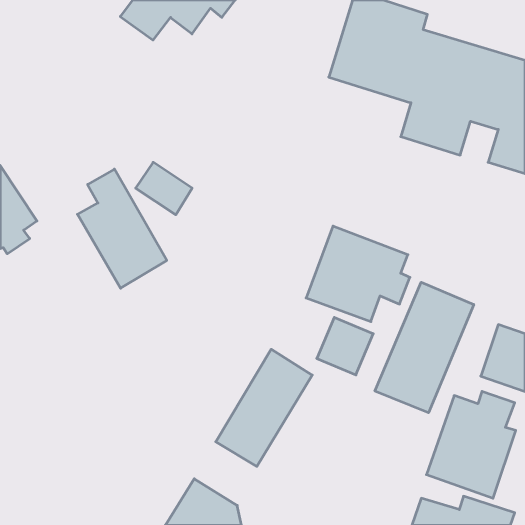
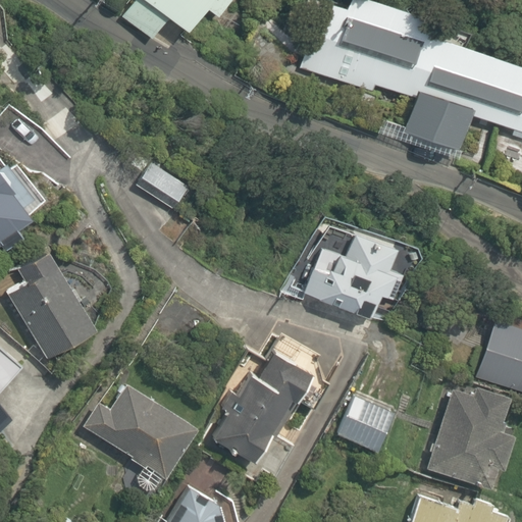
building: [77,169,167,288] -> [7,244,96,362]
building: [375,282,474,413] -> none
building: [317,317,373,375] -> [341,393,397,450]
building: none -> [84,387,196,490]

